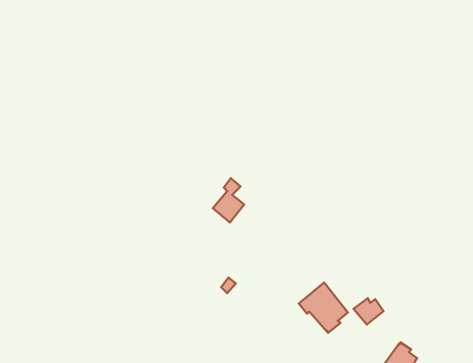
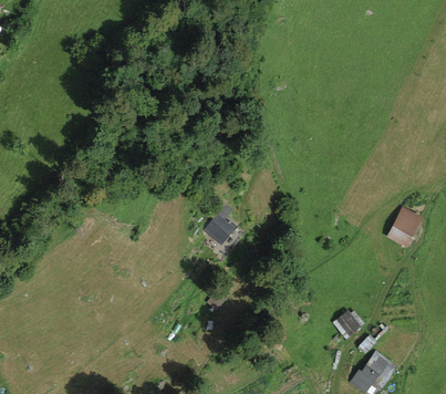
building: none -> [388,207,421,245]
building: [299,283,348,333] -> none

